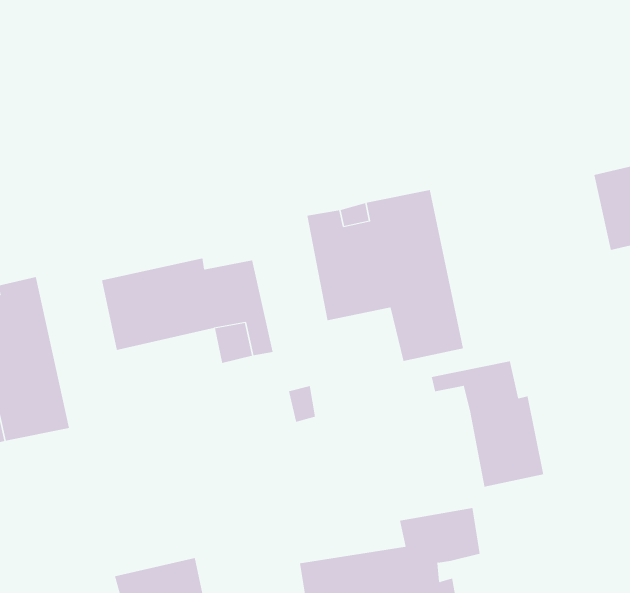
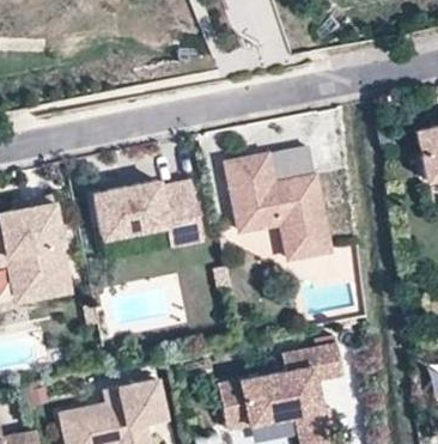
building: [431,361,544,487] -> none

